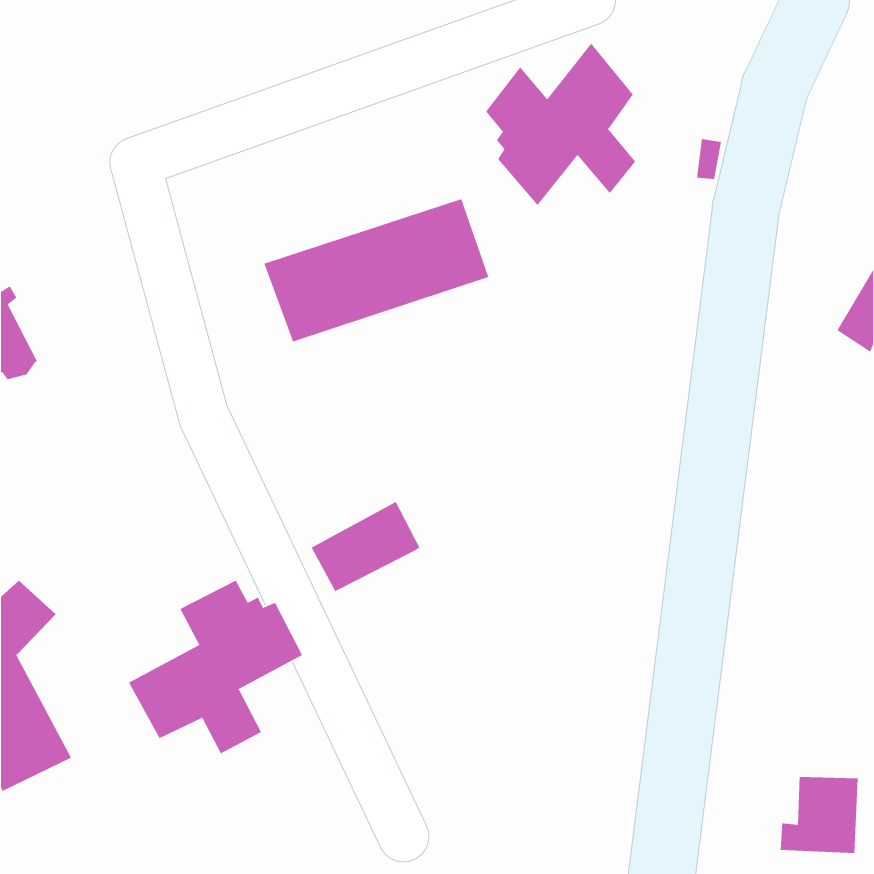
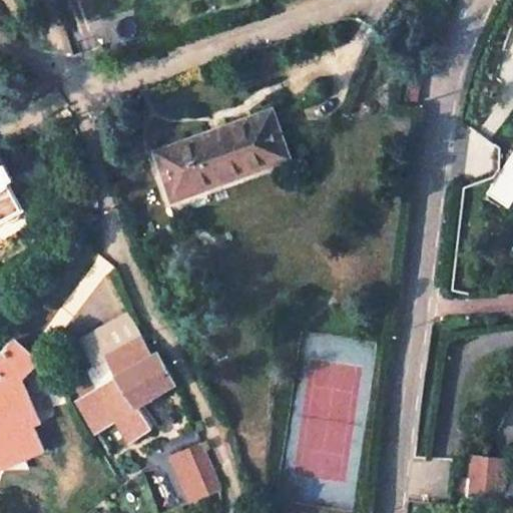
building: [485,43,636,206] -> none
building: [311,501,420,592] -> [77,311,141,364]
building: none -> [172,442,221,500]

